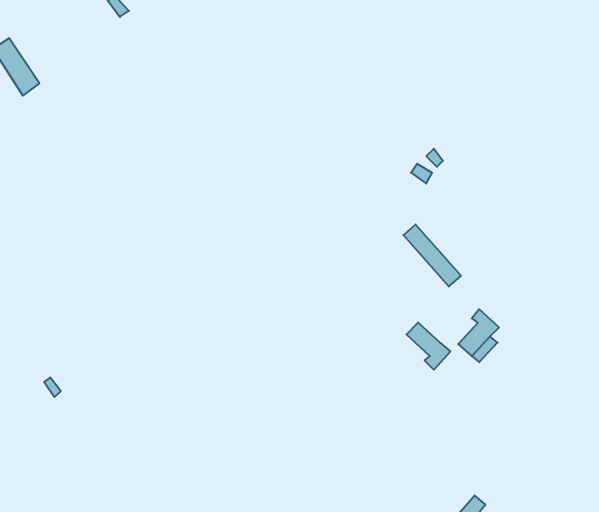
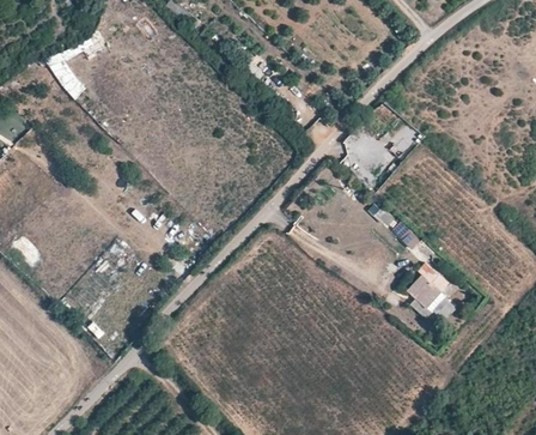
building: [406,322,450,370] -> none

